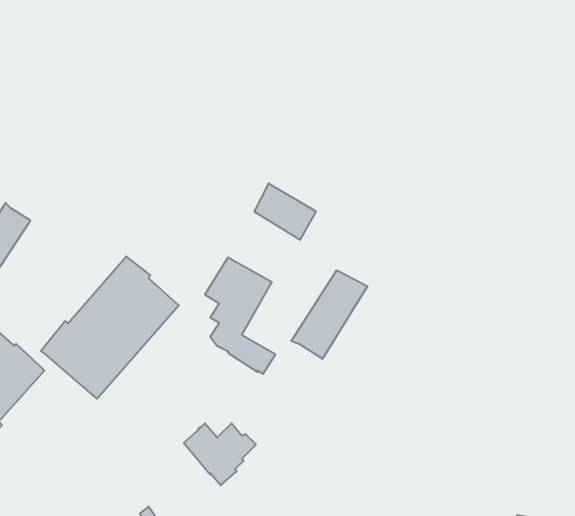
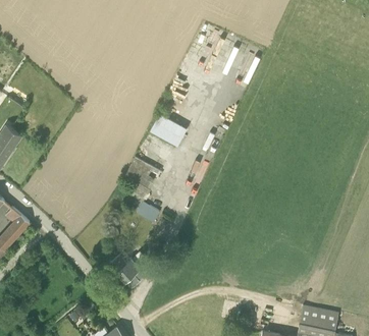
building: [41,256,179,399] -> none
building: [291,270,367,359] -> none

